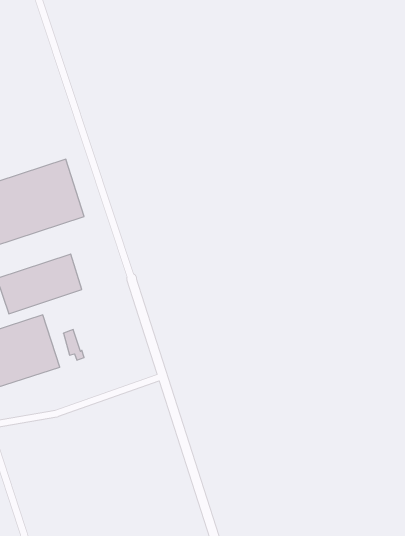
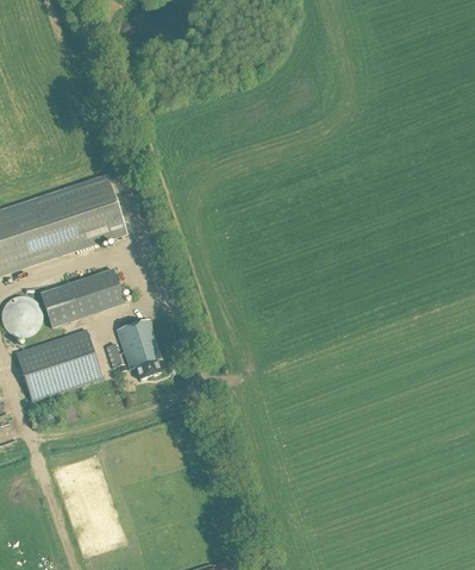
building: none -> [117,318,162,378]

